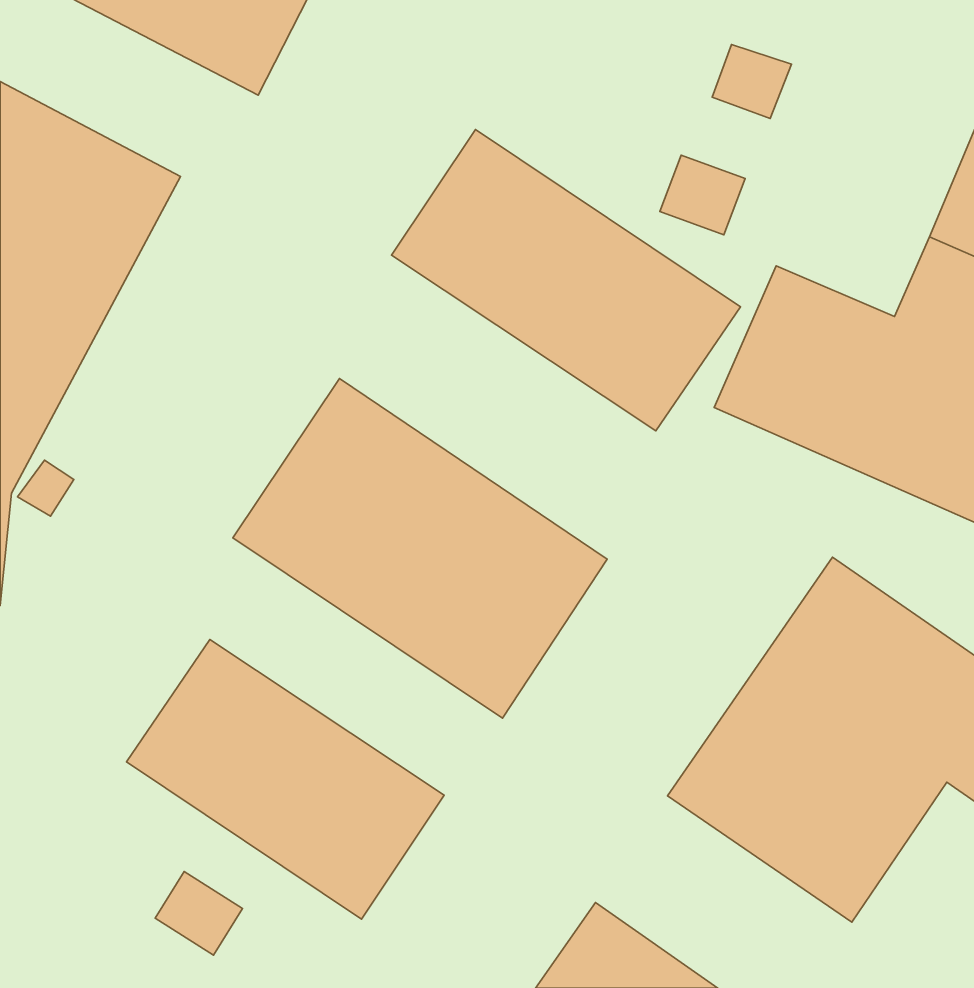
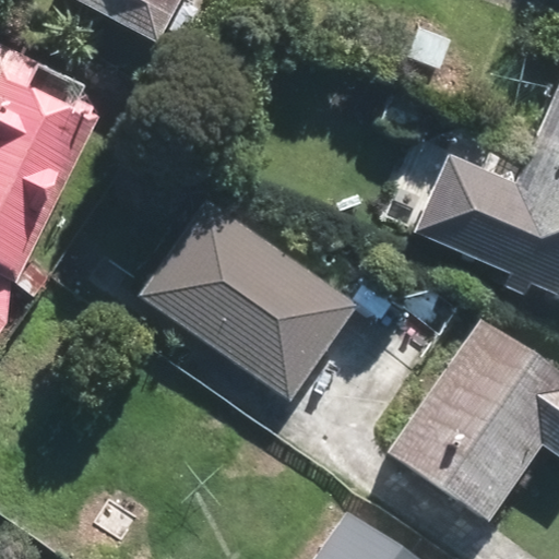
building: [392,129,740,431] -> none
building: [126,639,444,919] -> none

